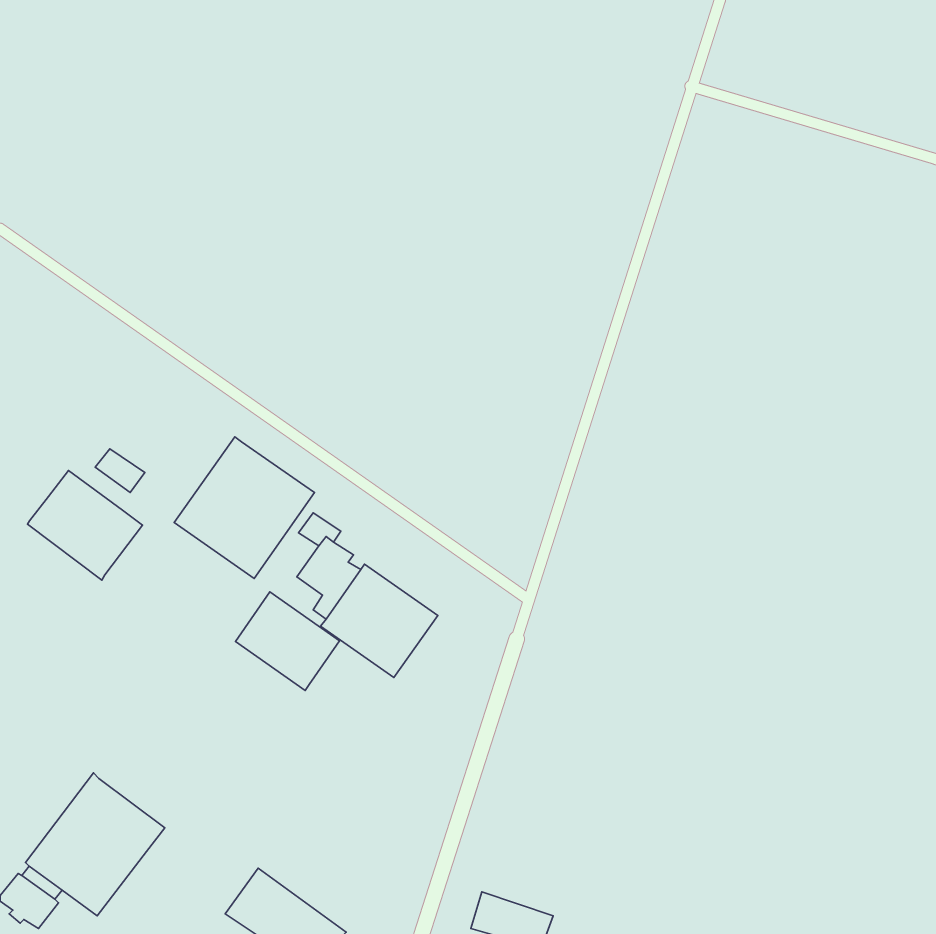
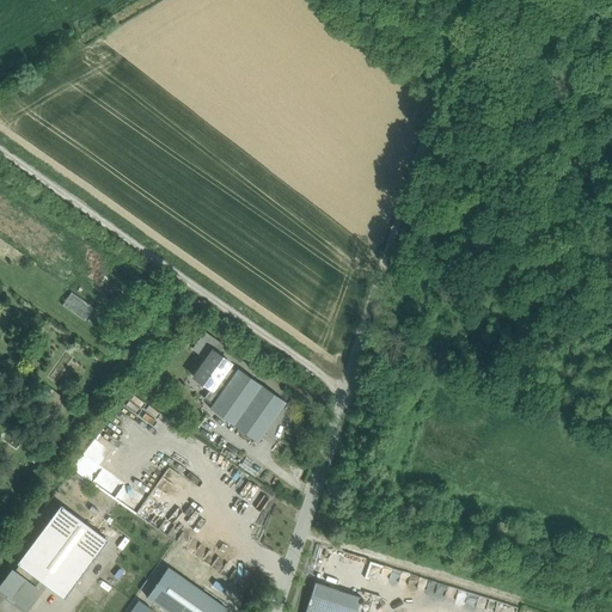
building: [174,437,315,578] -> none
building: [27,471,142,580] -> none
building: [235,592,340,690] -> none

